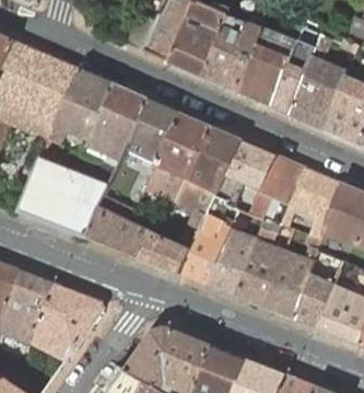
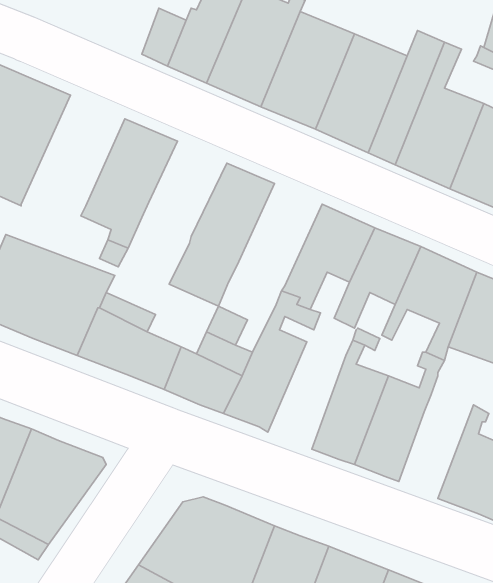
building: [49,69,116,145] -> none
building: [128,99,181,160] -> none
building: [183,126,243,204] -> none
building: [208,228,258,297] -> none
building: [292,273,334,328] -> none

